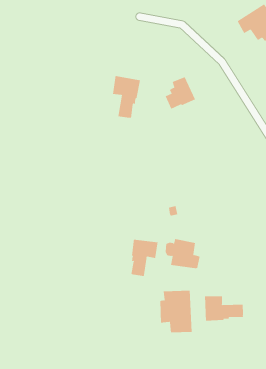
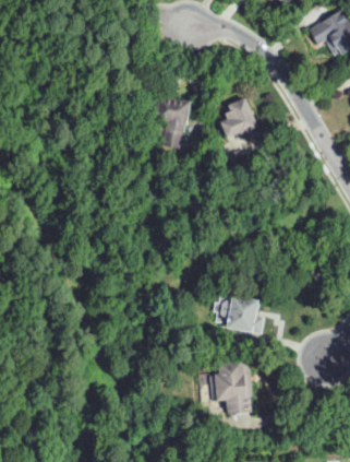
building: [131,239,158,277] -> none
building: [204,296,243,322] -> none

